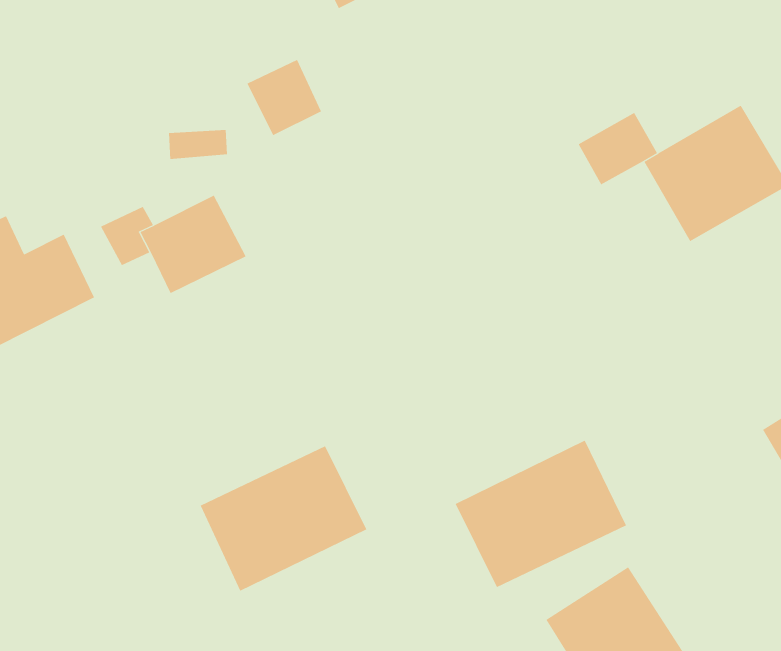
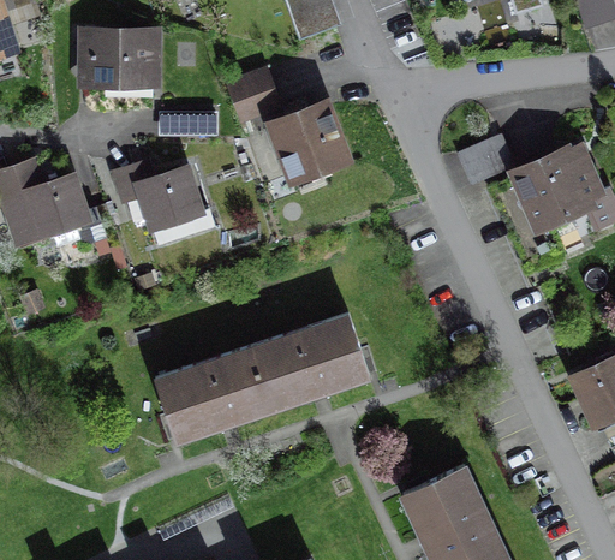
building: none -> [80,34,166,102]
building: none -> [258,96,347,184]
building: [455,440,627,588] -> [251,314,372,412]

